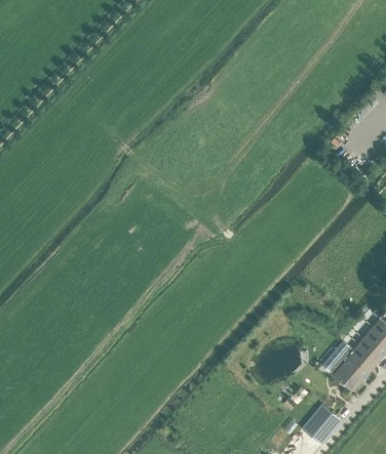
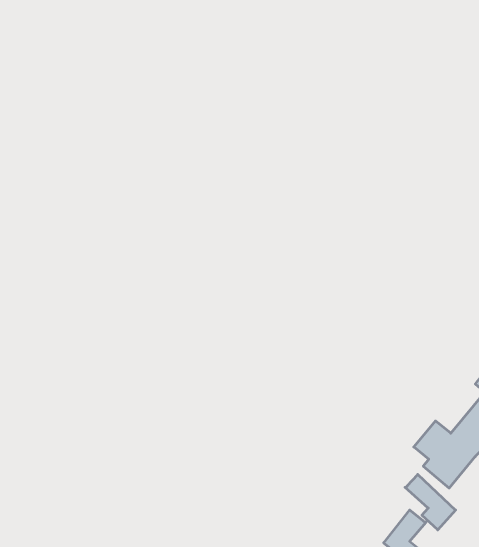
building: none -> [405,474,456,530]

